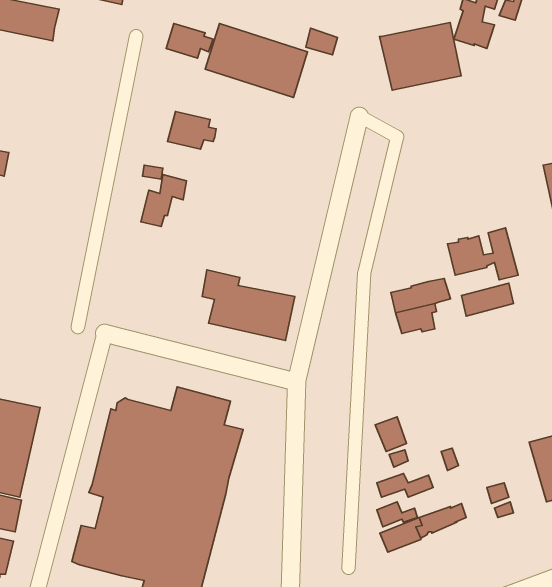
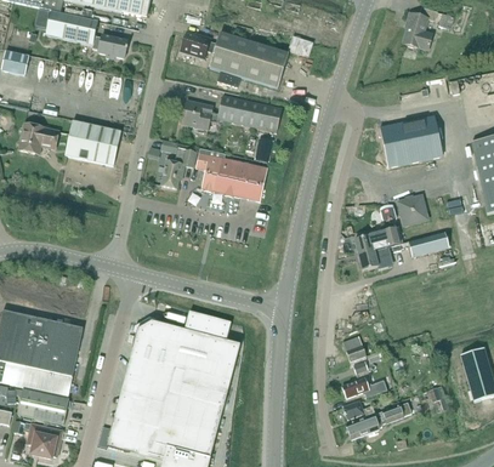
building: [380,22,461,90] -> [379,115,442,167]
building: none -> [91,34,127,58]
building: none -> [217,95,282,132]
building: none -> [64,121,120,166]
building: [202,270,295,341] -> [195,147,267,201]

